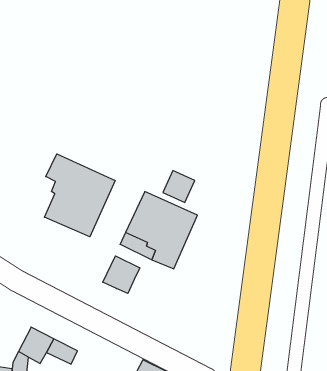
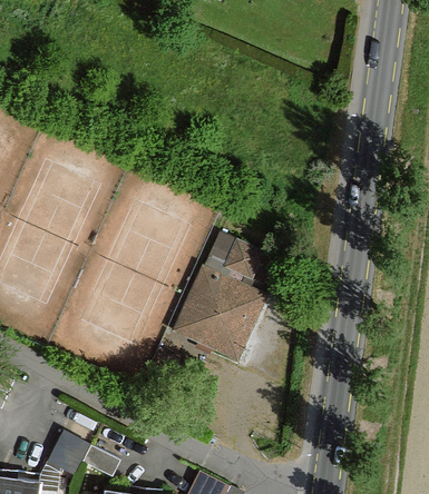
building: [44,154,115,237] -> none
building: [103,256,140,293] -> none

